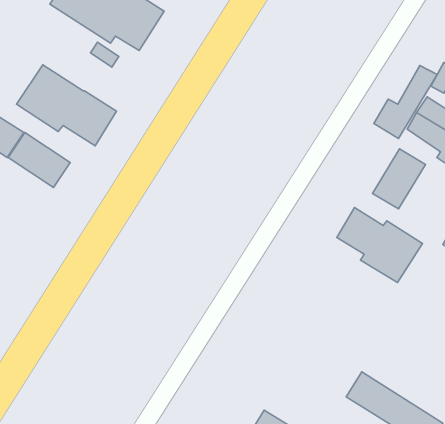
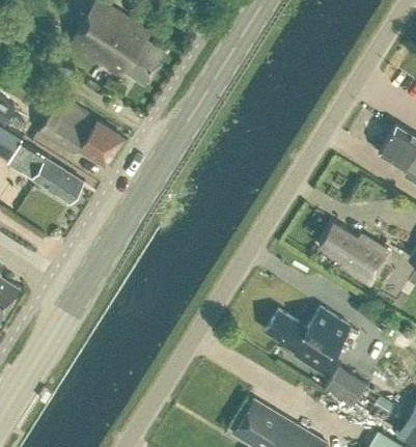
building: [374,66,437,139] -> none
building: [373,149,425,209] -> none
building: none -> [264,306,348,373]

